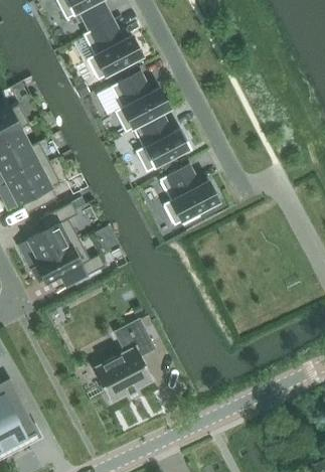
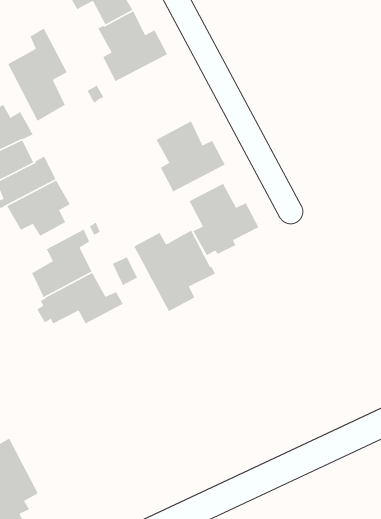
building: none -> [7,27,68,122]
building: [110,70,169,132] -> none
building: none -> [133,229,216,312]
building: [92,319,154,403] -> none

